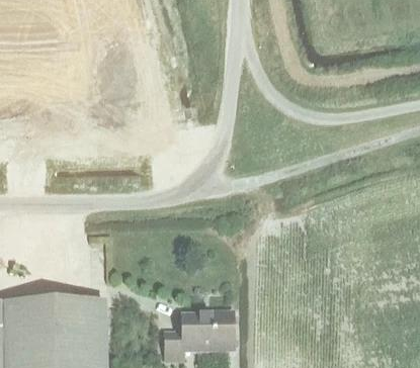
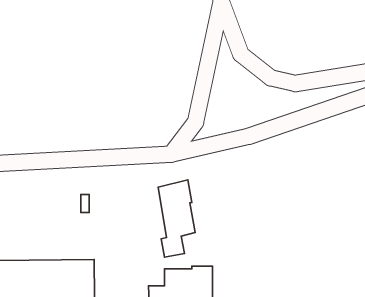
building: none -> [158,180,195,257]

